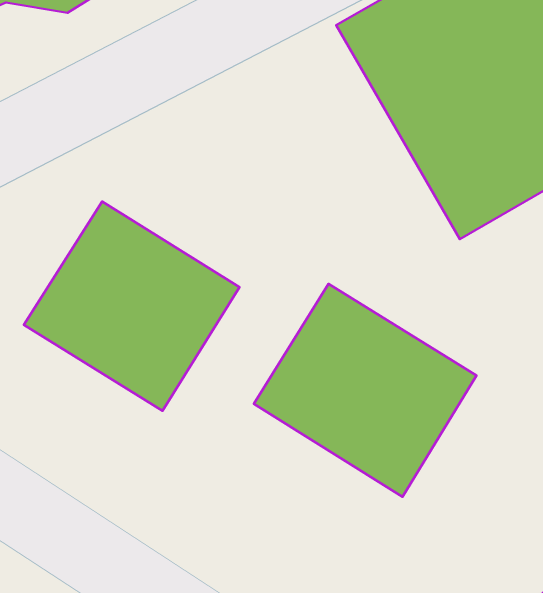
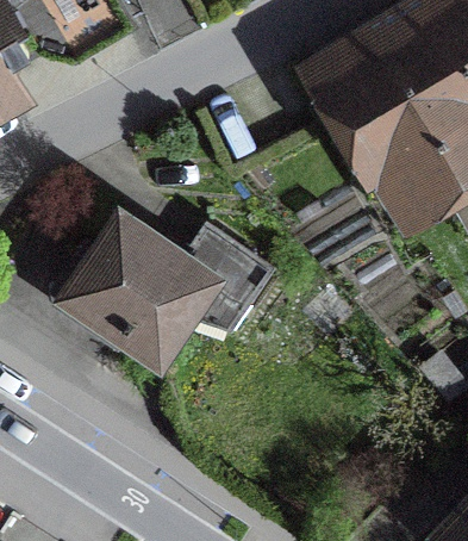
building: [254,284,477,497] -> none

